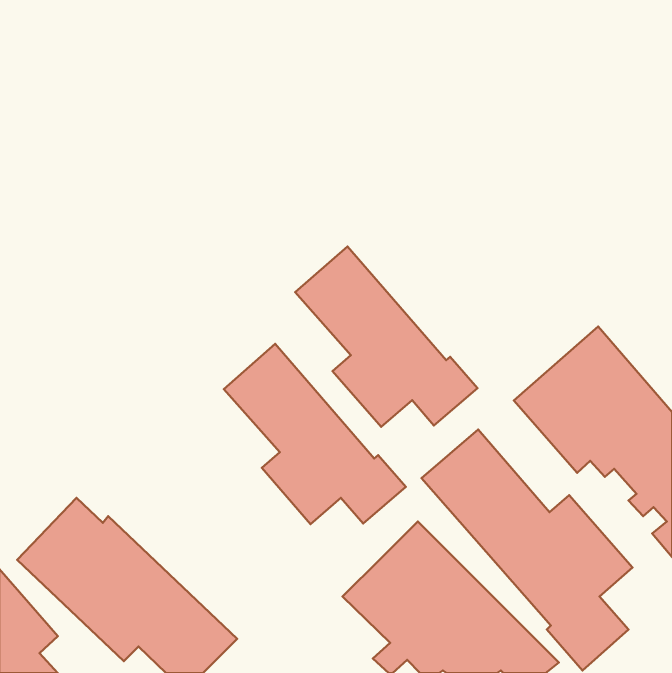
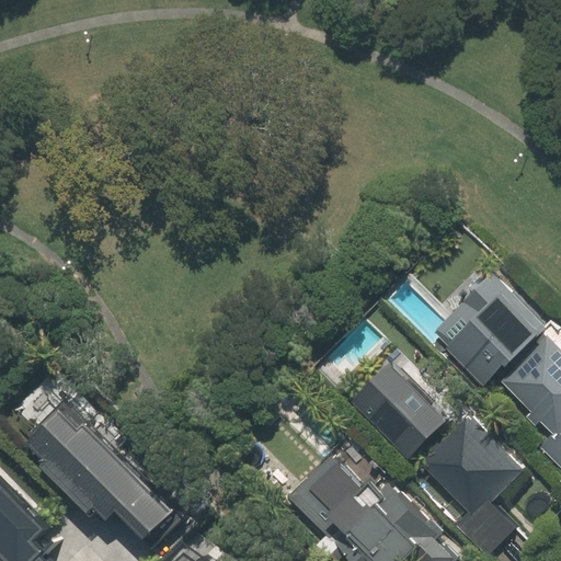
building: [295,246,478,427] -> none
building: [224,344,406,524] -> none

